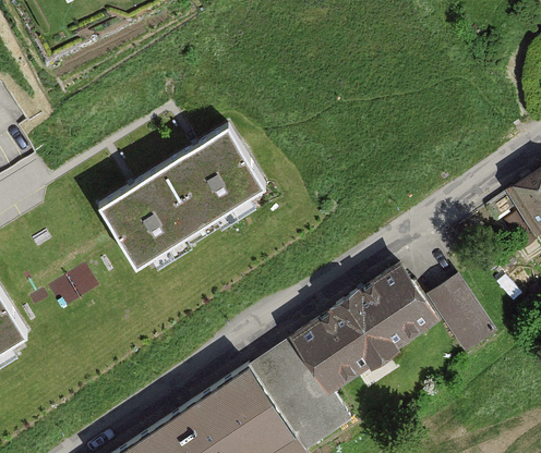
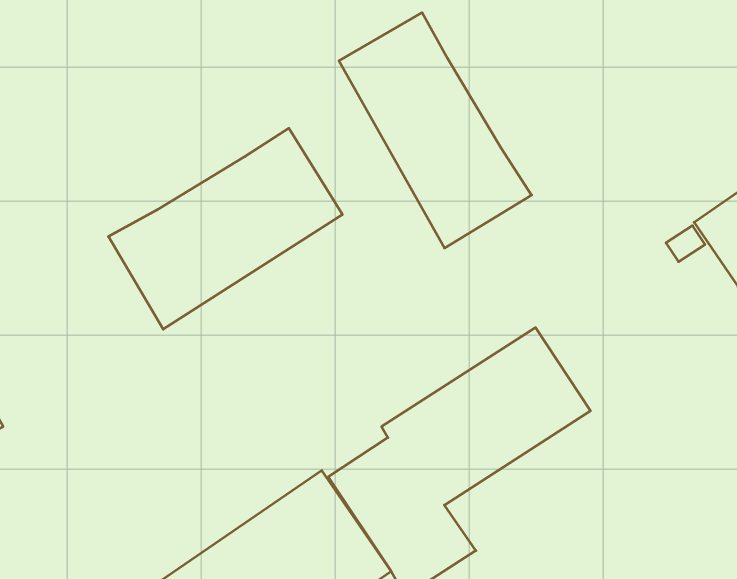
building: none -> [339,13,532,248]
building: [429,274,496,352] -> none

